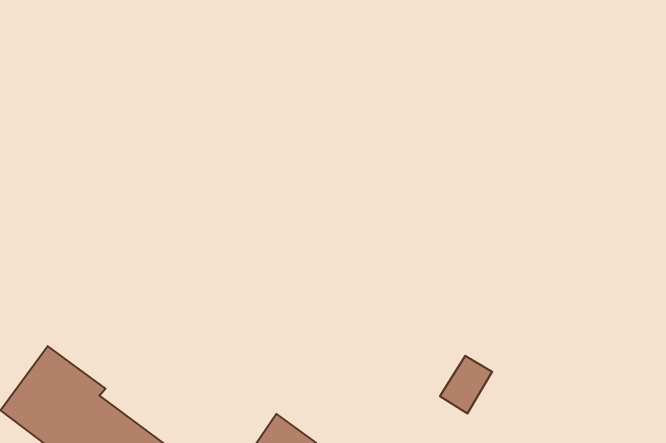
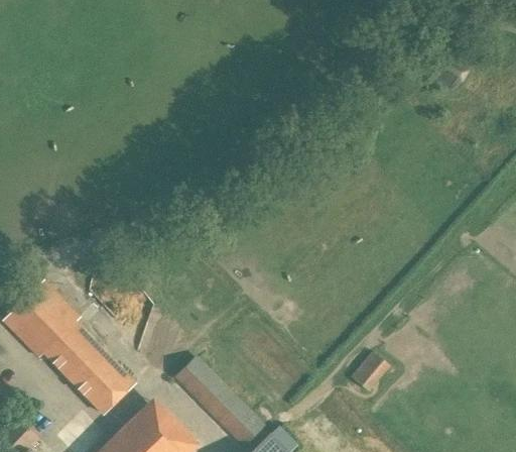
building: [440,356,492,413] -> [350,352,389,392]

